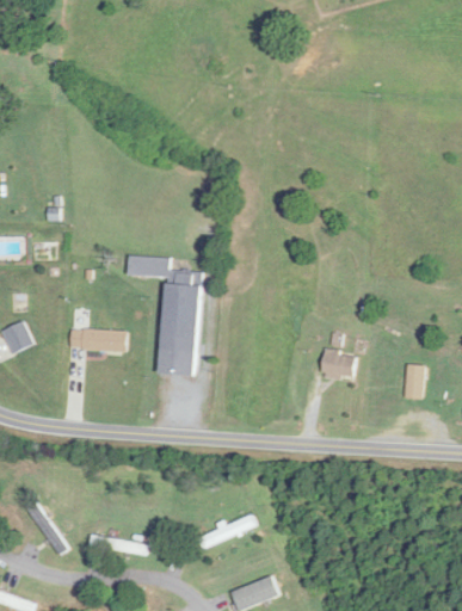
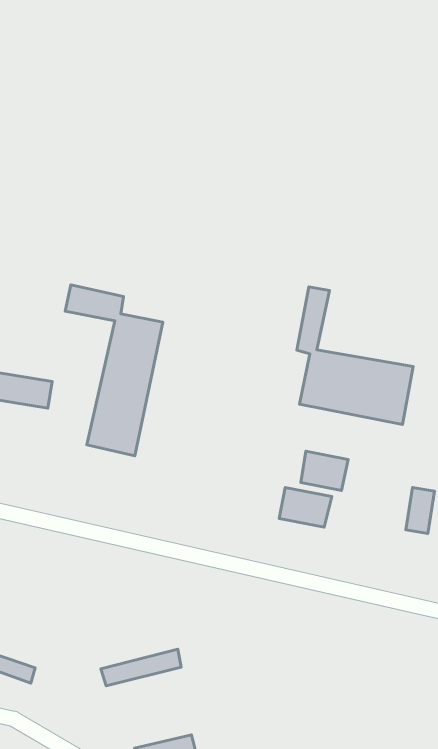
building: none -> [297,287,413,425]
building: none -> [279,487,332,527]

